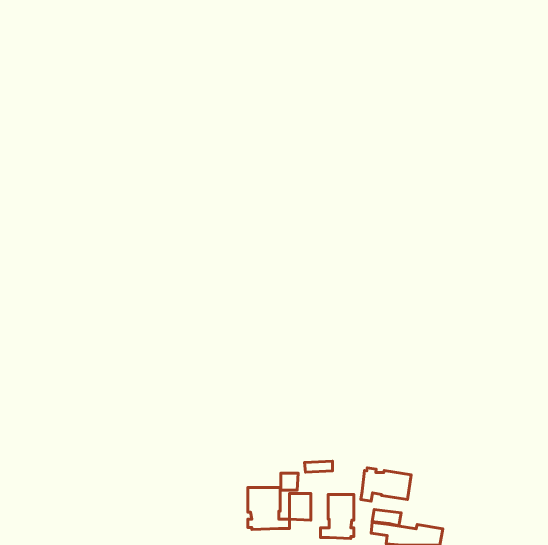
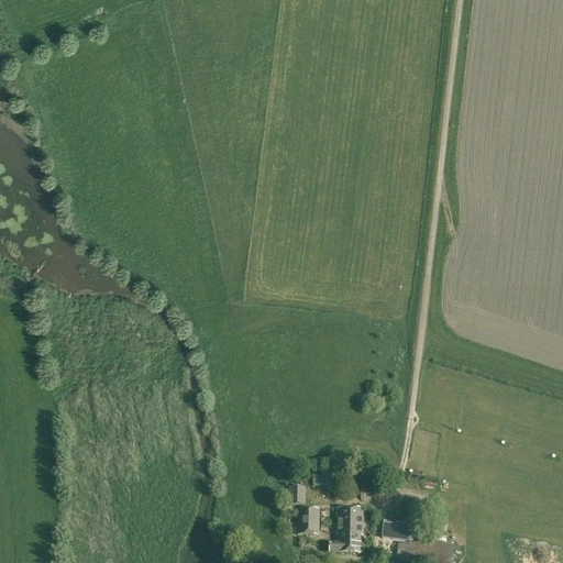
building: [361,468,411,501] -> none
building: [248,488,290,529] -> none

